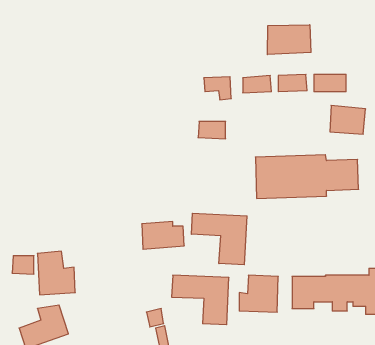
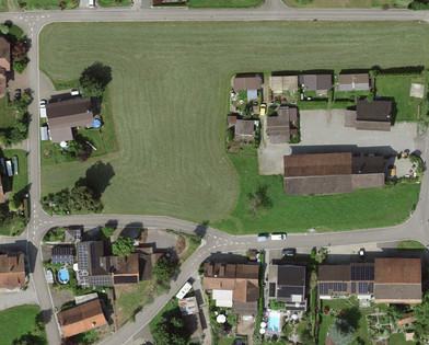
building: [267,25,311,55] -> none
building: none -> [46,100,93,142]
building: none -> [268,111,288,141]
building: [191,213,247,265] -> none
building: [142,222,184,249] -> [112,254,152,280]

